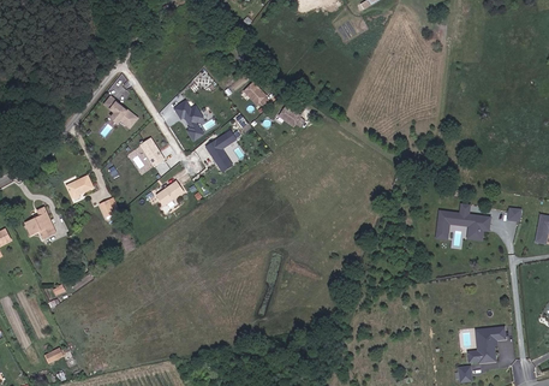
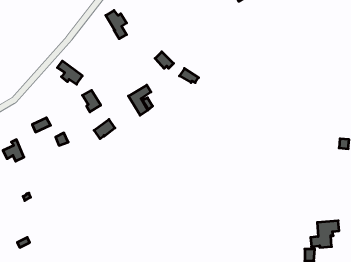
building: [173,100,203,141] -> [106,10,127,39]
building: [435,203,490,240] -> none

